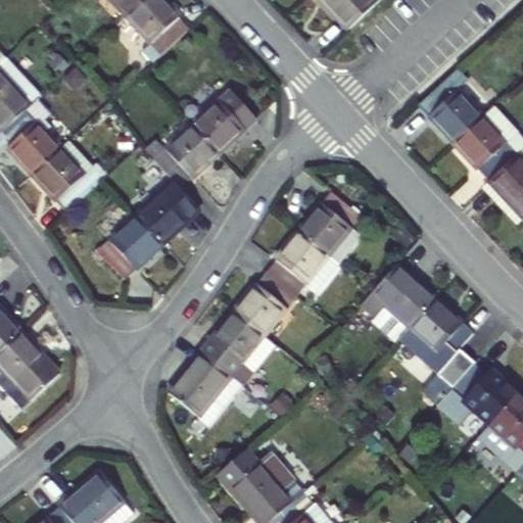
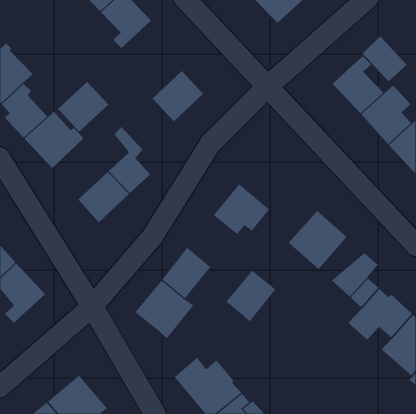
building: none -> [362,35,407,82]
building: [152,124,218,188] -> [57,81,109,132]
building: [299,190,362,263] -> none
building: [234,270,297,335] -> [226,270,276,322]
building: [399,297,457,351] -> none

